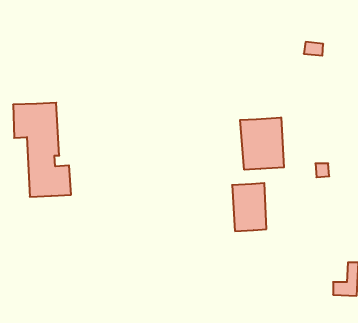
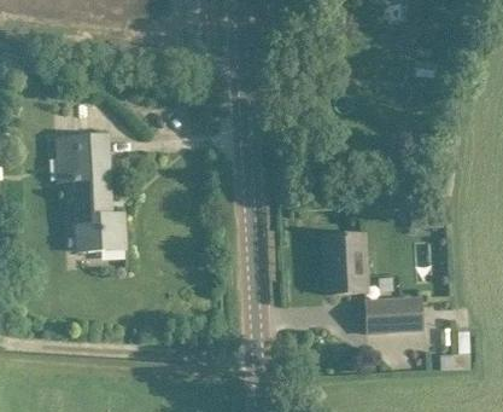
building: [240,117,284,170] -> none
building: none -> [364,294,423,332]

